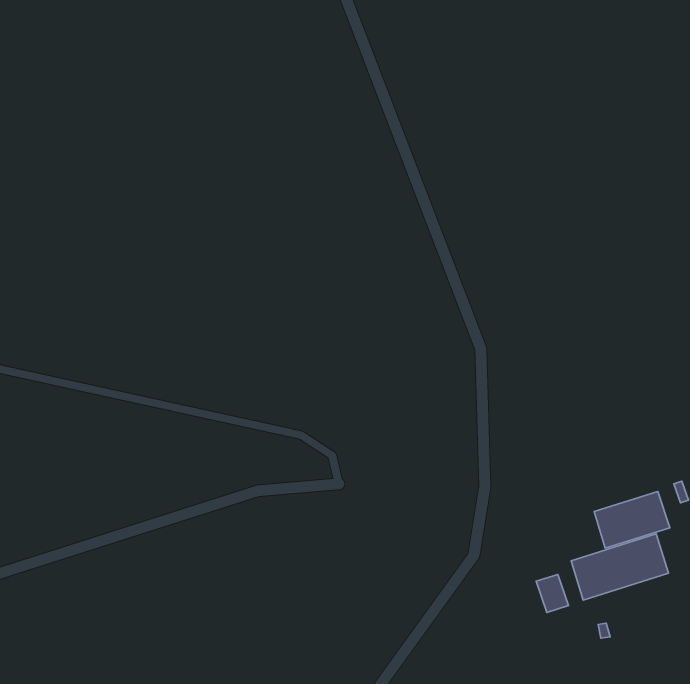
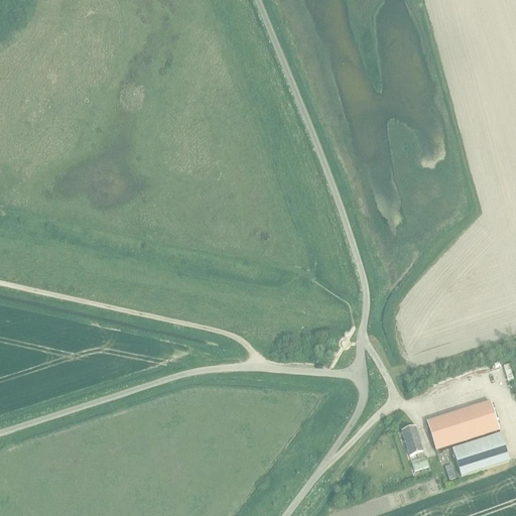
building: [594,491,670,548] -> [453,430,509,473]

